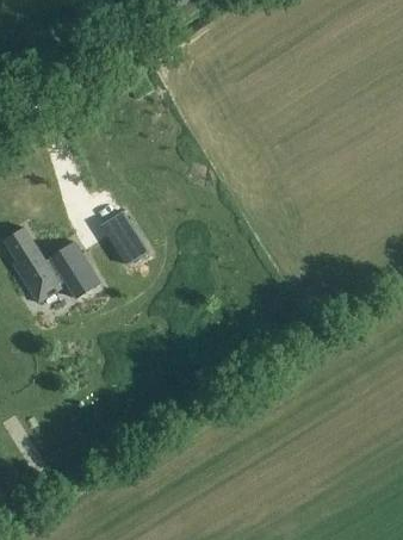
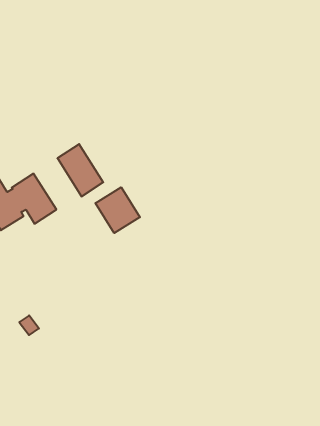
building: none -> [95,187,140,233]

